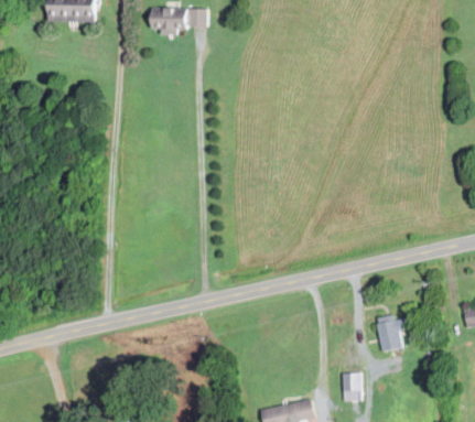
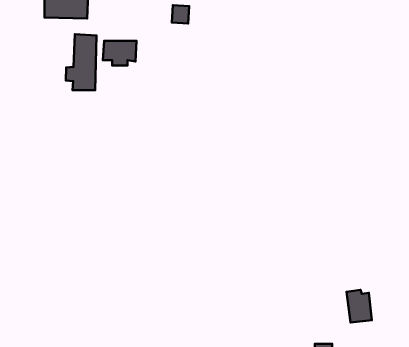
building: [150,8,186,34] -> [103,41,137,65]
building: none -> [66,34,97,90]

